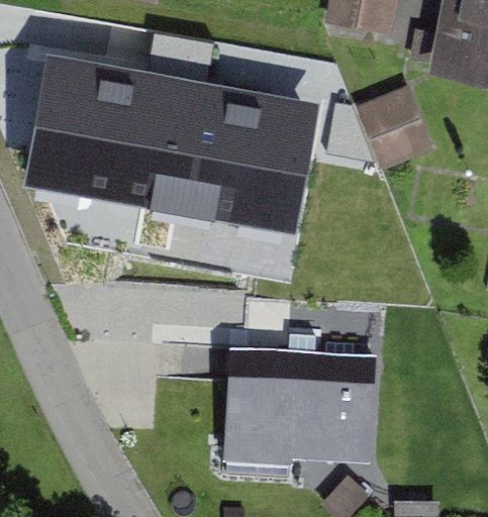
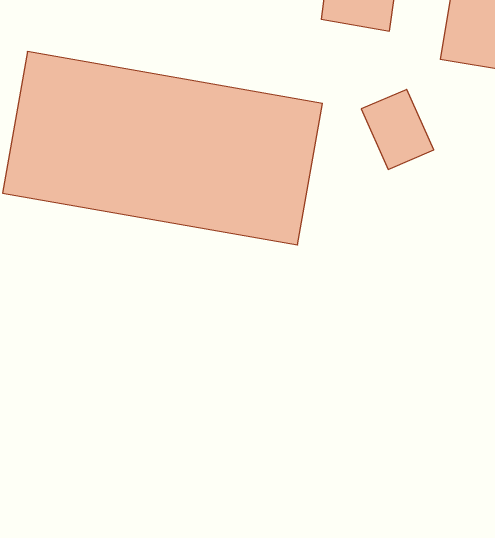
building: [225,348,373,456] -> none

